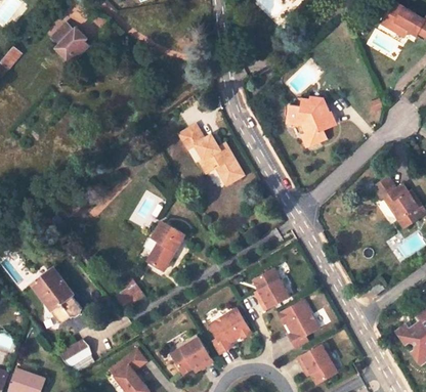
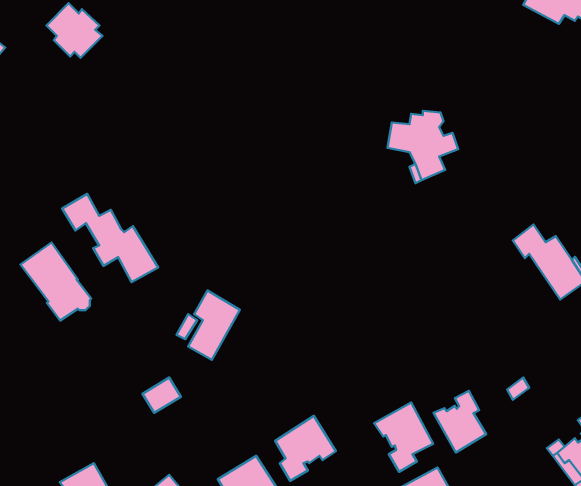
building: [177,124,244,185] -> [62,194,158,282]
building: [253,267,289,309] -> none
building: [33,268,82,322] -> [20,243,91,321]
building: none -> [433,391,486,453]

